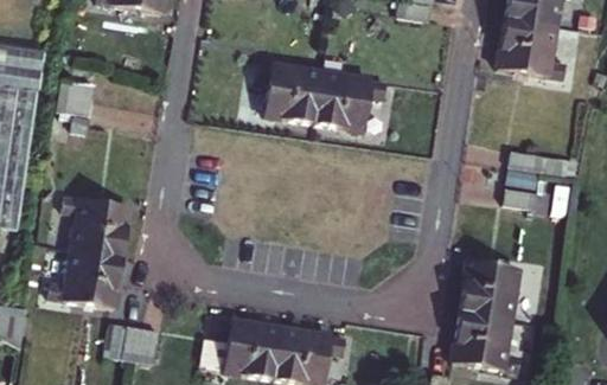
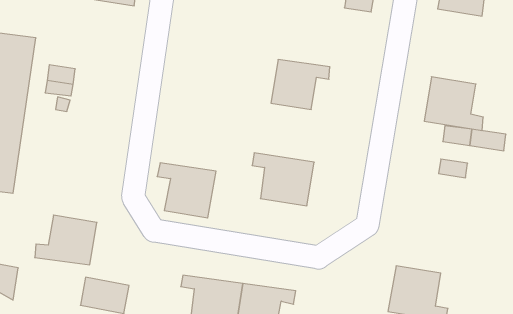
building: [498,13,566,75] -> [424,77,483,131]
building: [253,60,324,121] -> [252,153,314,206]
building: [58,194,126,257] -> [157,163,216,218]
building: [459,257,531,315] -> none

